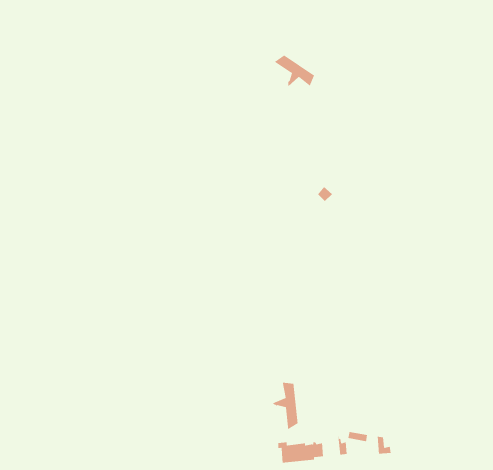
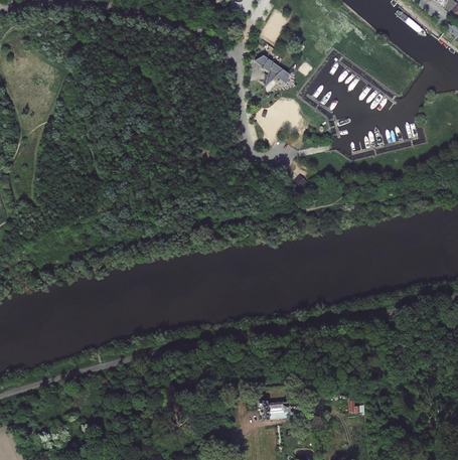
building: [273,382,298,430] -> none

